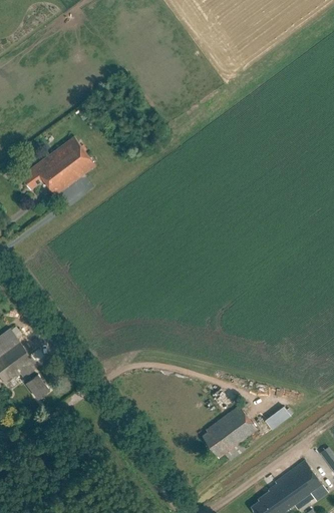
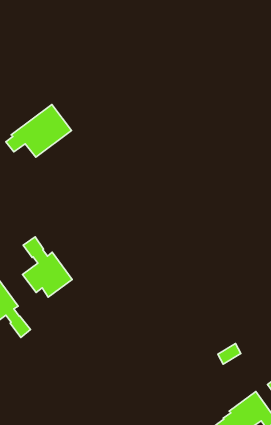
building: none -> [22,237,72,297]
building: [202,405,257,461] -> none

